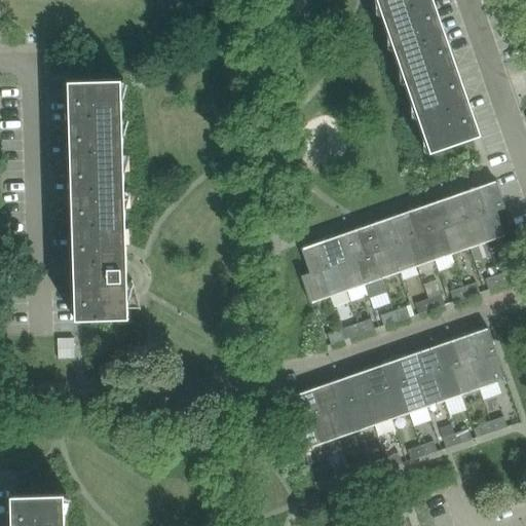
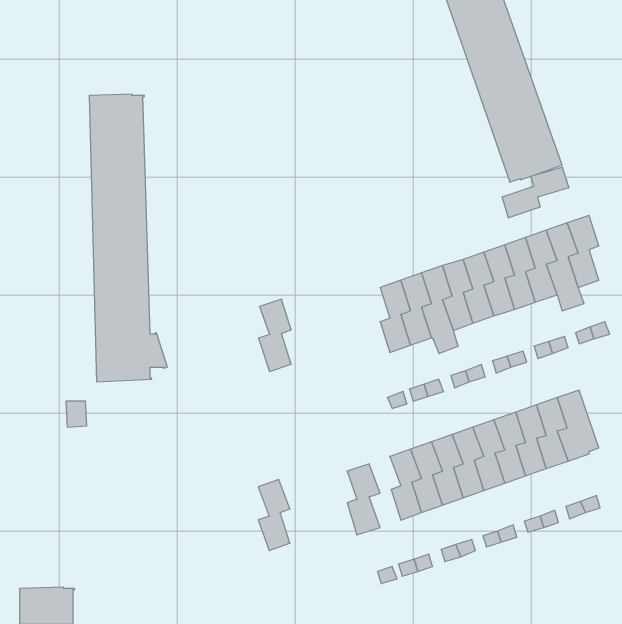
building: none -> [502,167,569,218]
building: [300,241,328,302] -> [258,299,291,371]
building: [310,383,337,443] -> [258,480,290,551]

